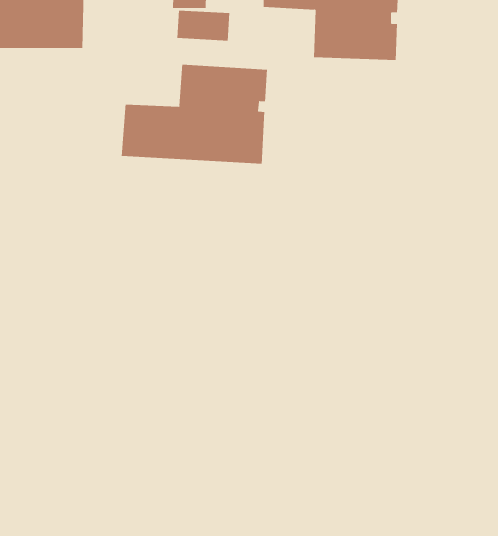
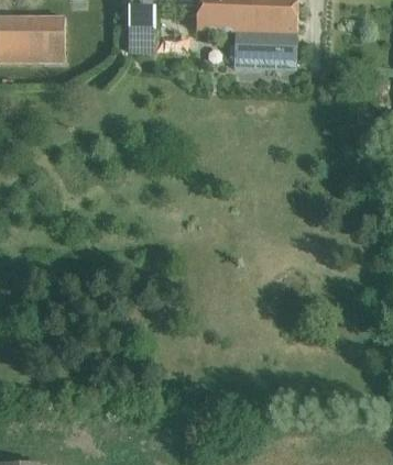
building: [121,64,268,164] -> none

